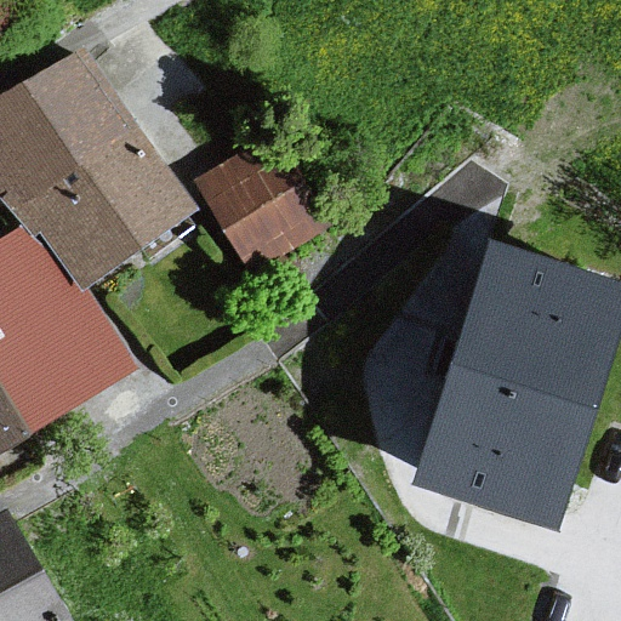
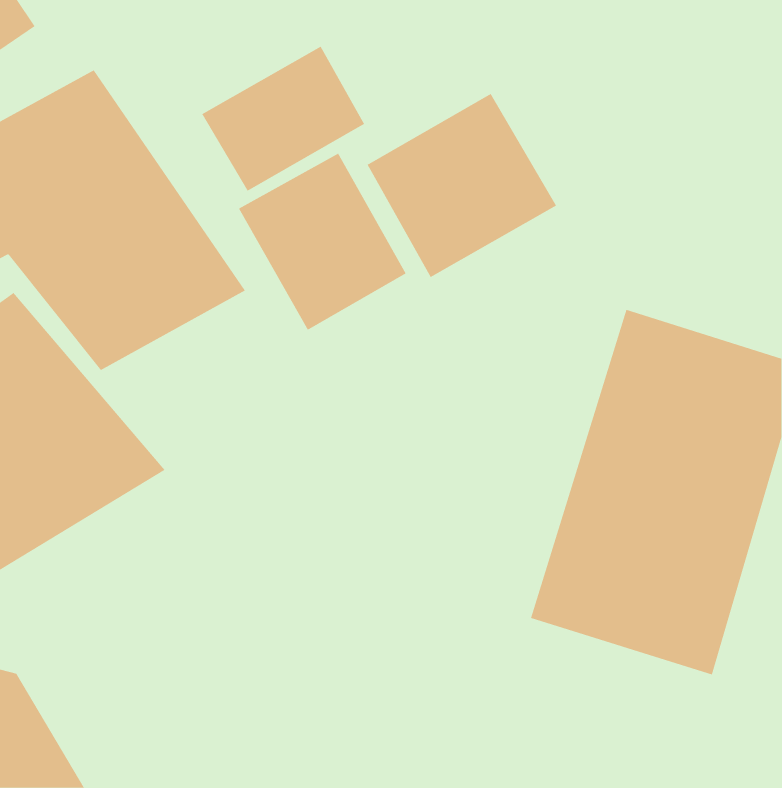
building: none -> [201,46,365,192]
building: none -> [367,93,557,278]

